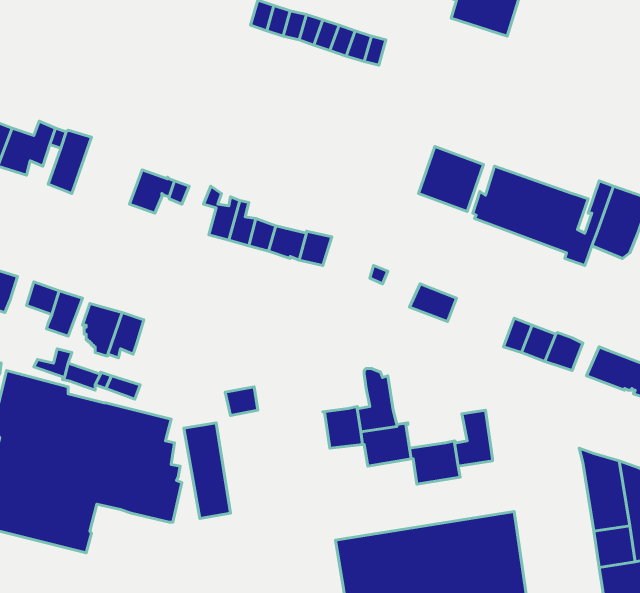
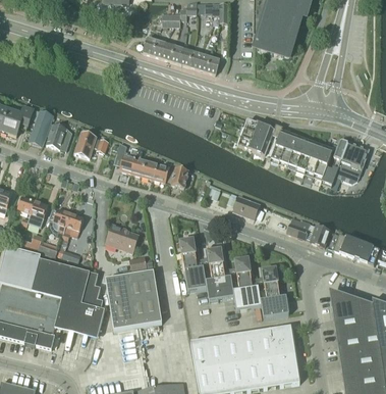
building: none -> [46,121,72,149]
building: none -> [105,223,137,252]
building: none -> [179,238,198,268]
building: none -> [230,257,253,289]
building: none -> [123,269,162,326]
building: none -> [260,295,288,316]

